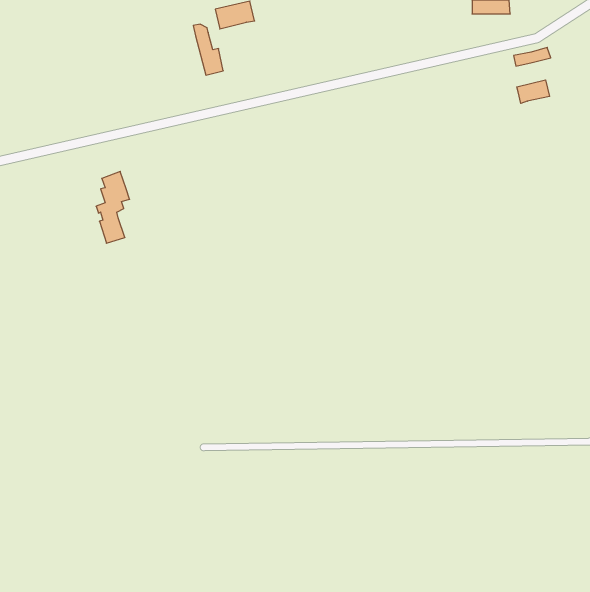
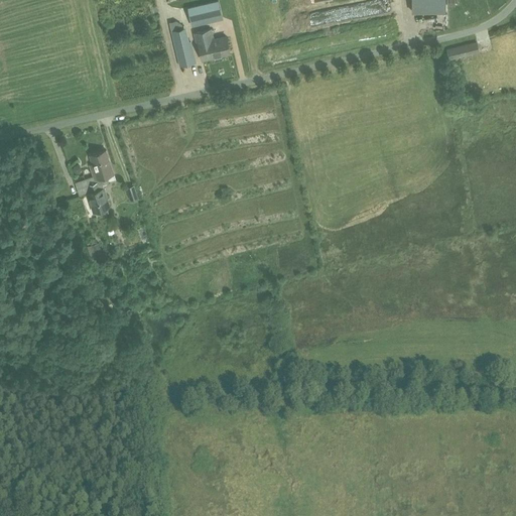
building: none -> [192,28,229,59]
building: [517,80,550,103] -> none

